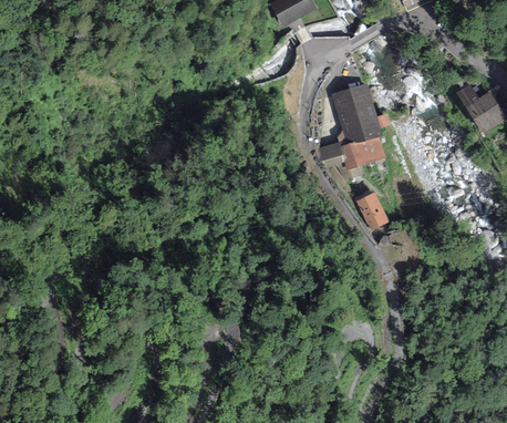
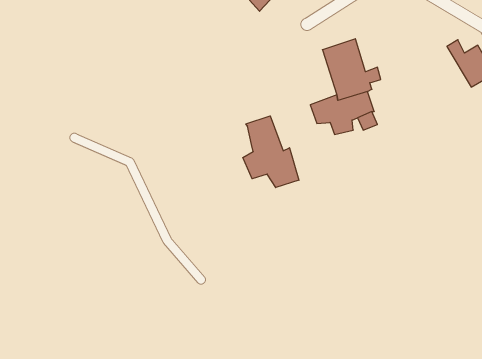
building: none -> [243,116,299,188]
building: [354,189,389,229] -> none

